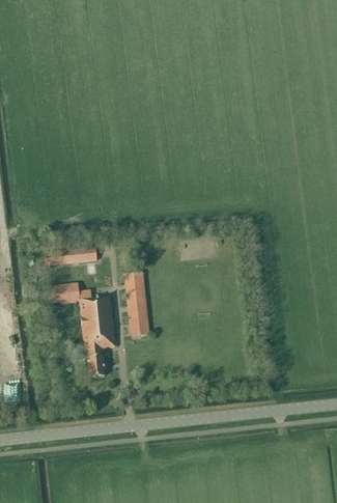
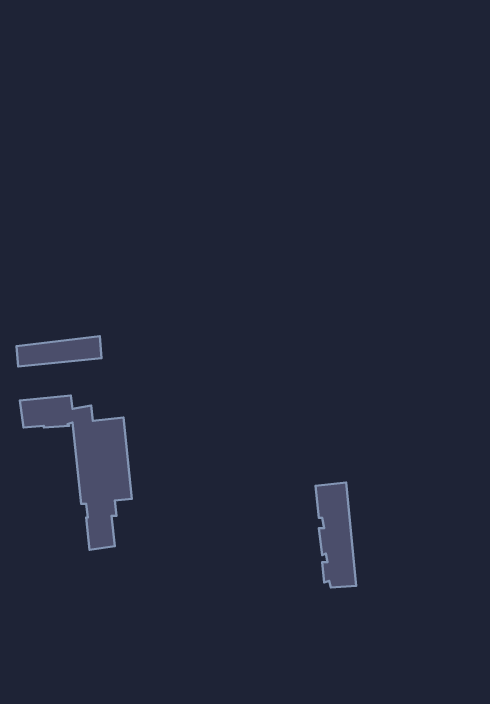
building: [124,271,149,335] -> [316,482,356,588]

